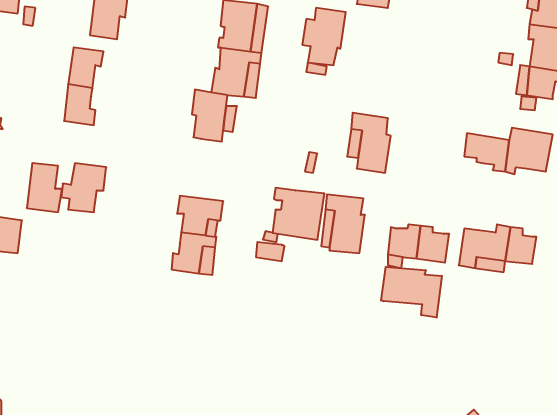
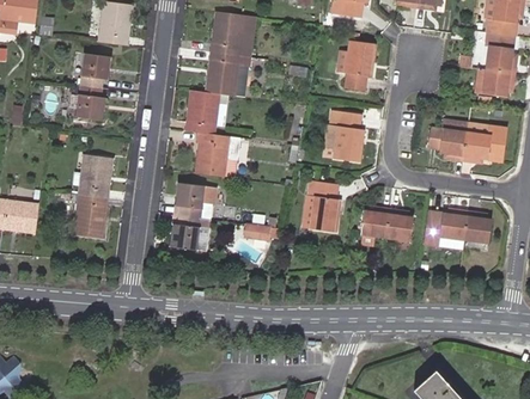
building: [302,8,346,65] -> [336,41,374,91]
building: [27,163,62,212] -> [74,195,105,238]
building: [273,188,324,240] -> [194,133,239,178]
building: [381,267,442,318] -> none

